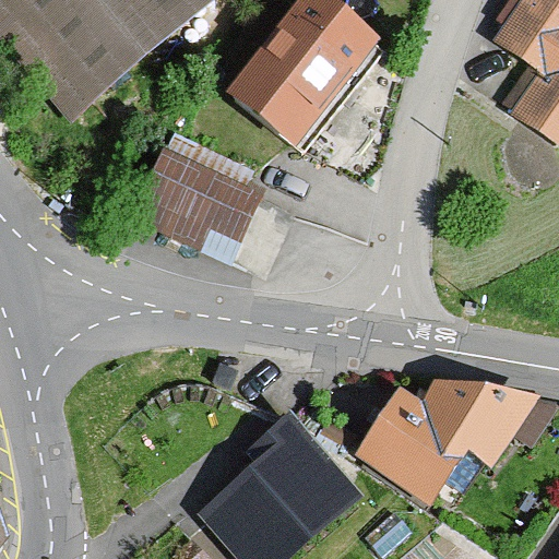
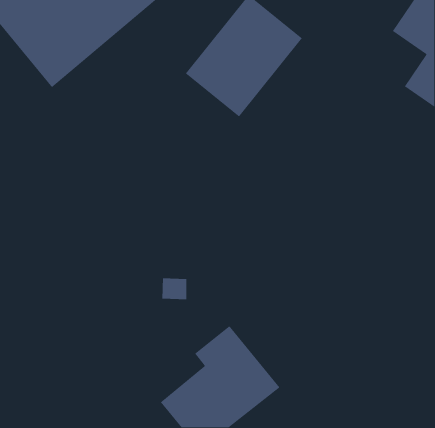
building: [135,141,253,253] -> none
building: [358,380,536,508] -> none

